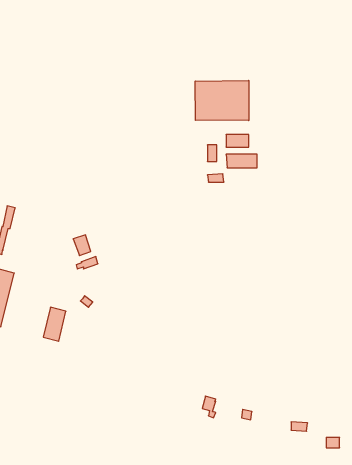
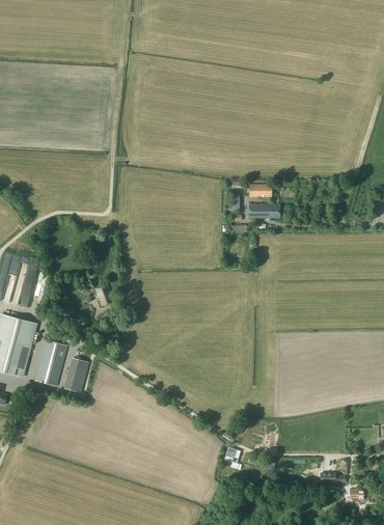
building: [195,80,249,121] -> none
building: none -> [36,339,66,385]

